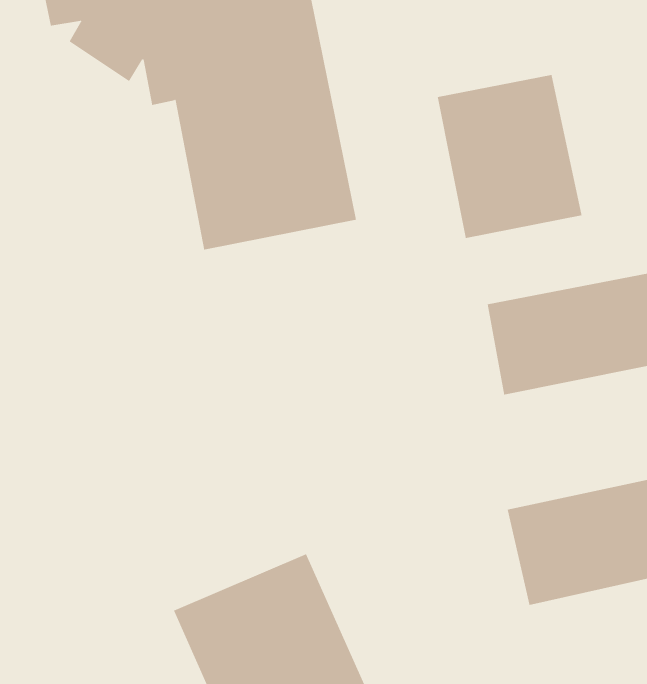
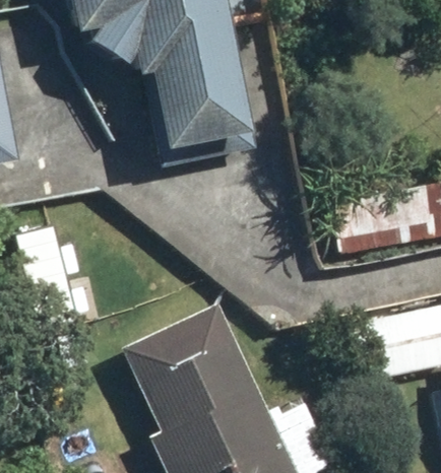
building: [437,74,582,239] -> none

